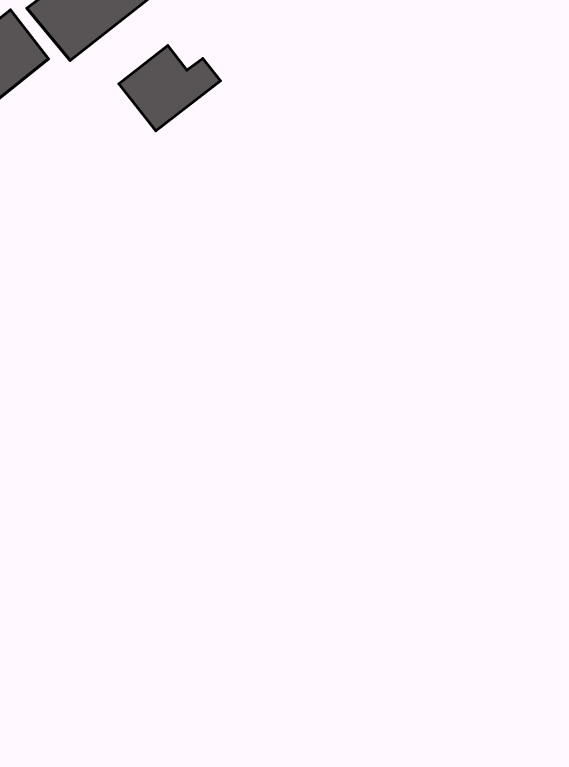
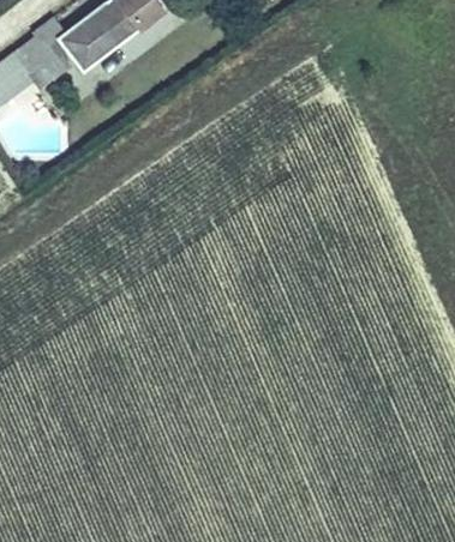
building: [119,46,221,131] -> none

